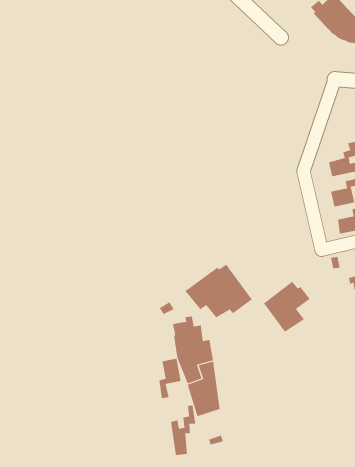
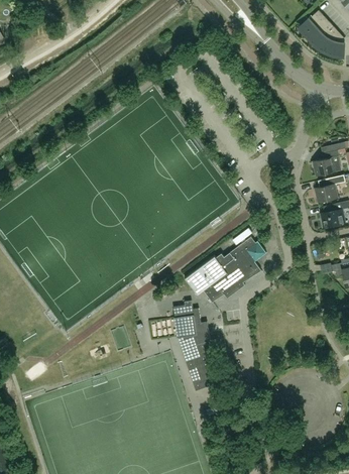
building: [263,281,310,333] -> [225,236,267,282]
building: [159,358,181,399] -> none
building: [171,405,196,456] -> none

